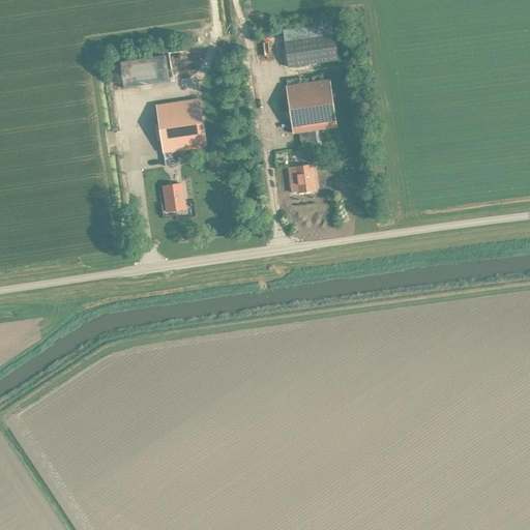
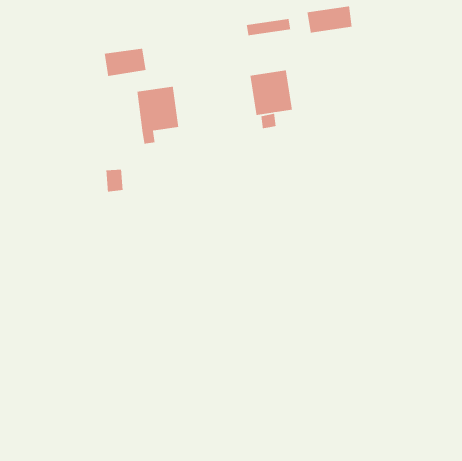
building: [284,34,336,66] -> [307,6,353,34]
building: [289,165,316,193] -> none
building: [166,183,186,210] -> [105,169,124,192]

